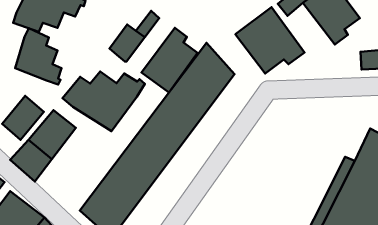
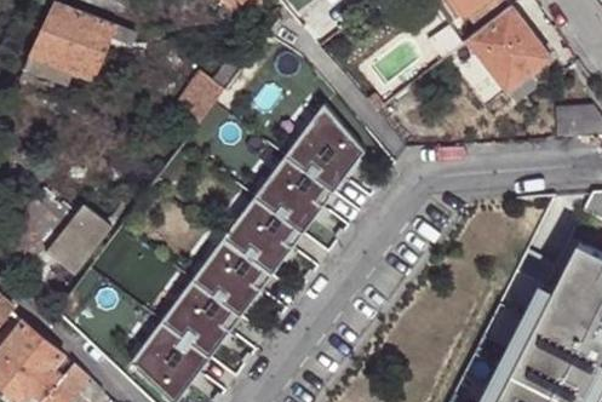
building: [236,7,304,73] -> none
building: [142,28,198,92] -> none
building: [15,28,61,84] -> none
building: [63,71,145,131] -> none

